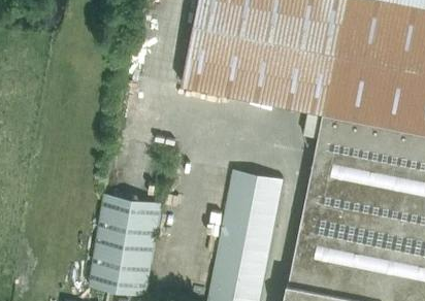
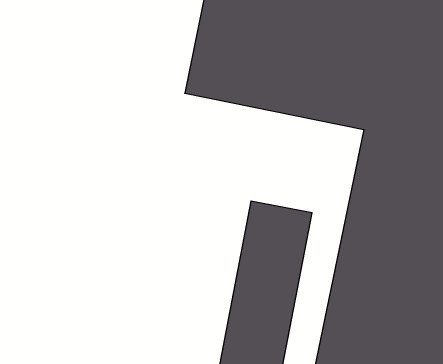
building: [88,193,161,296] -> none

